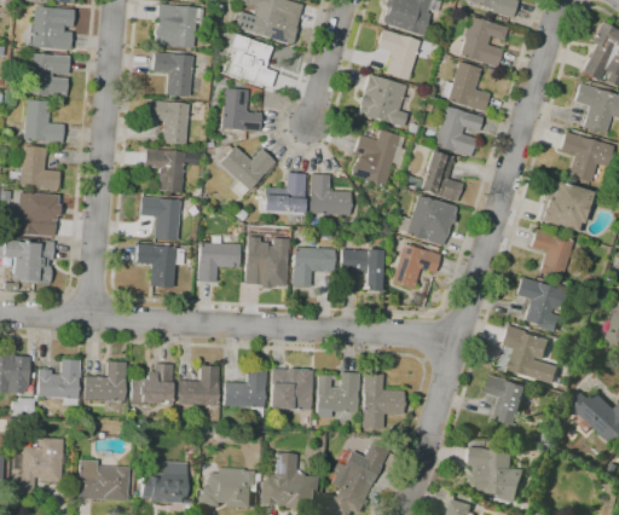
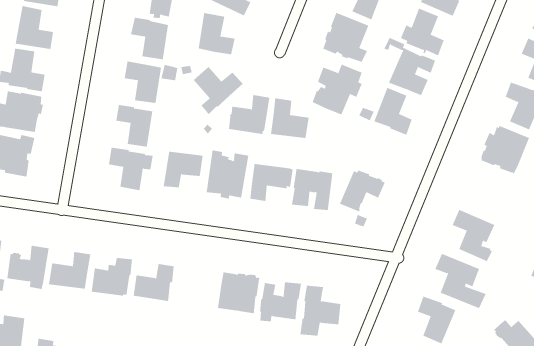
building: [394,196,456,245] -> none
building: [531,228,574,280] -> none
building: [224,368,267,419] -> none

